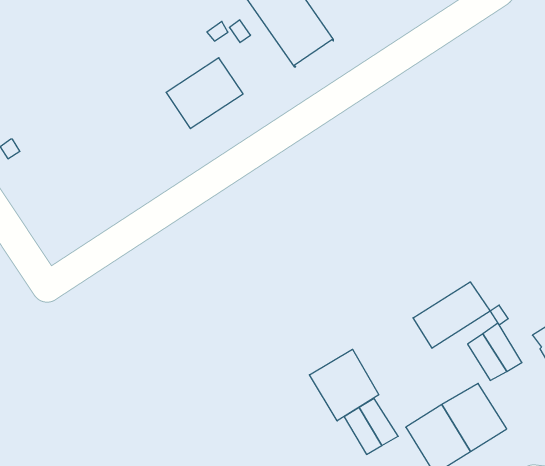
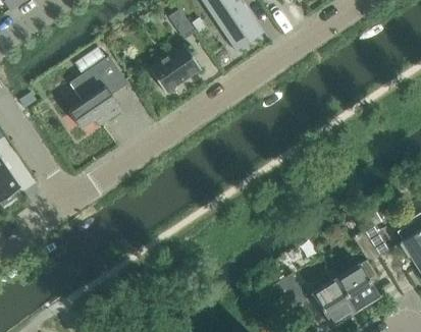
building: none -> [68,55,127,127]
building: [413,282,490,348] -> none
building: [309,349,379,421] -> none

